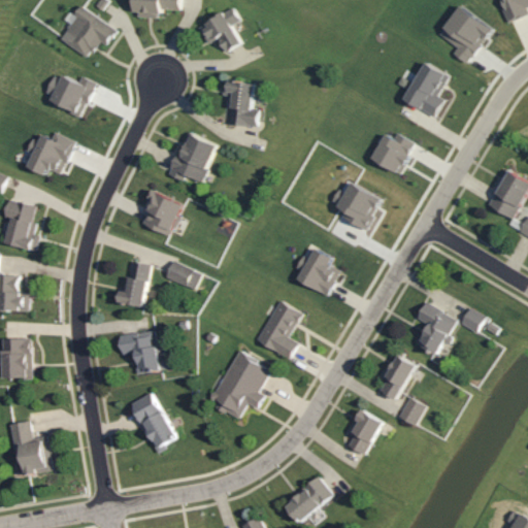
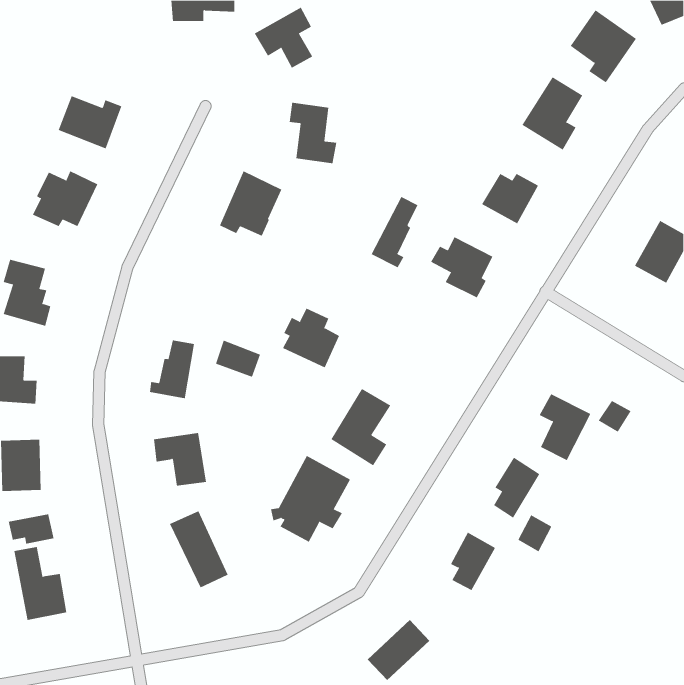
building: [59,8,114,59] -> none
building: none -> [371,196,418,268]
building: [141,190,182,236] -> none
building: [294,249,338,295] -> [282,308,340,368]
building: none -> [8,513,54,544]

